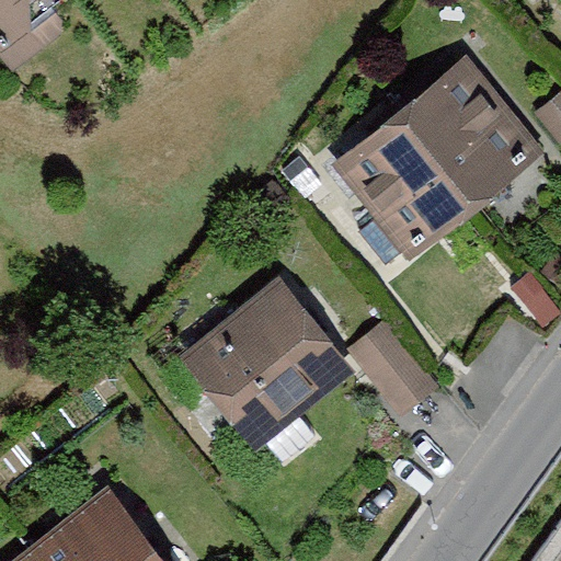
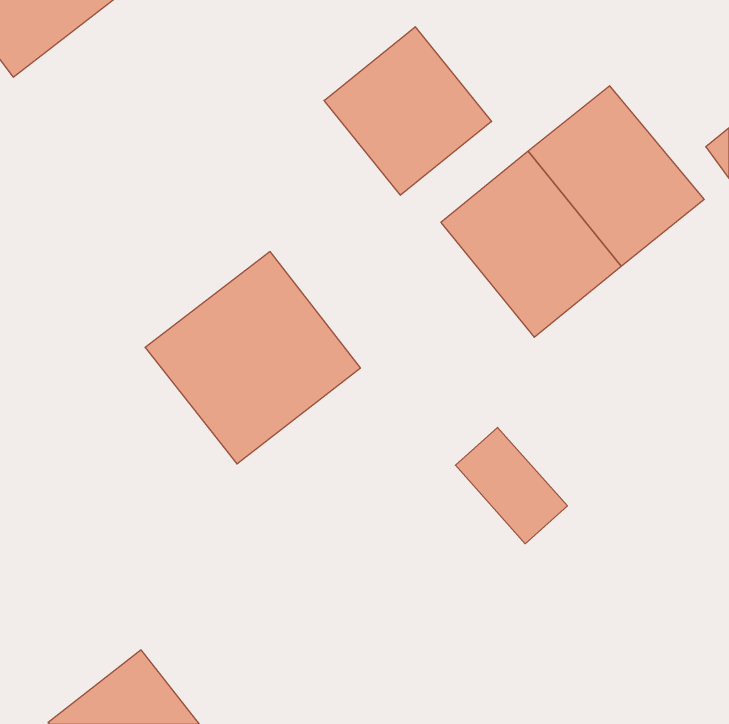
building: none -> [324,27,492,195]
building: [187,279,350,439] -> [145,252,360,464]

